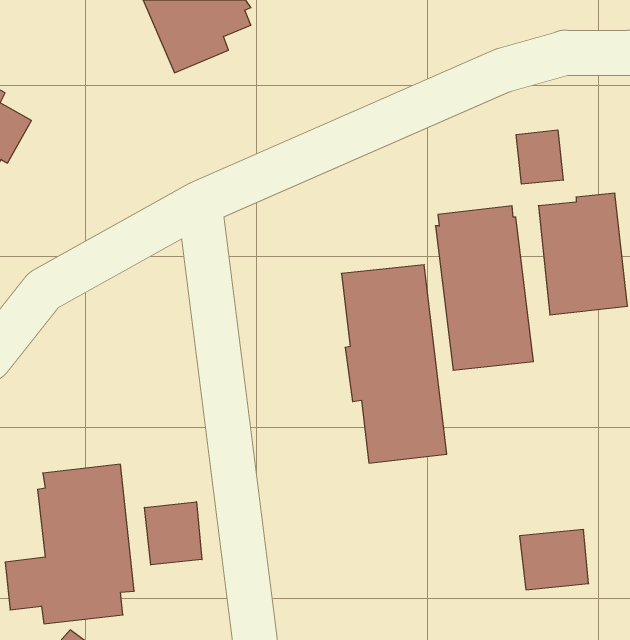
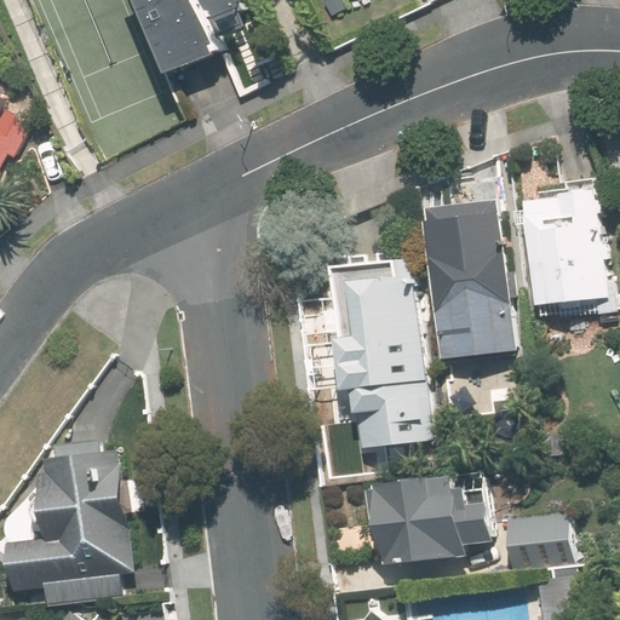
building: [516,130,563,184] -> none
building: none -> [362,471,490,564]
building: [144,502,202,565] -> none

